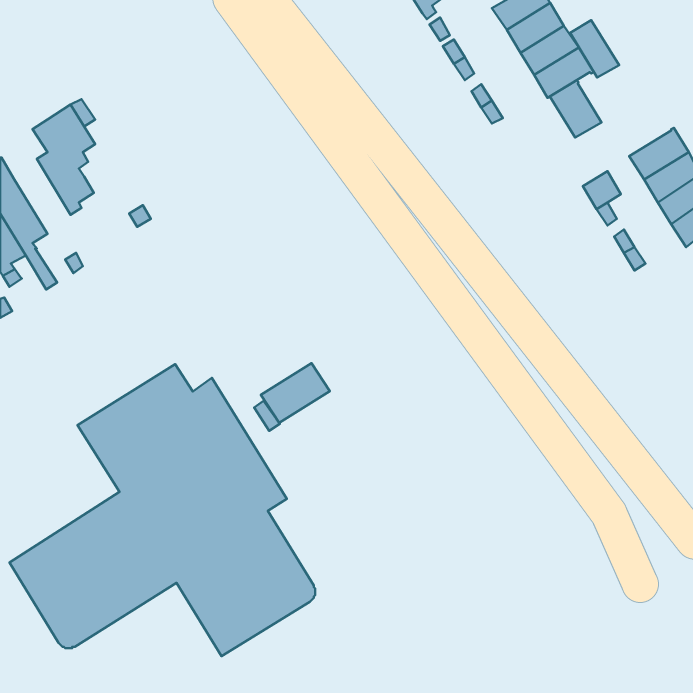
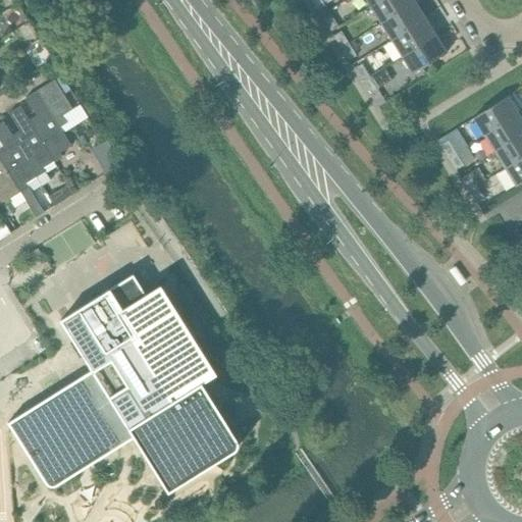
building: [570,20,619,77] -> none
building: [550,80,601,138] -> none
building: none -> [8,104,54,185]
building: [261,363,330,423] -> none

